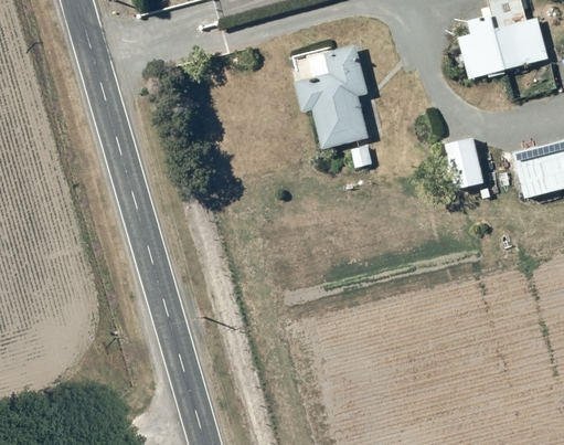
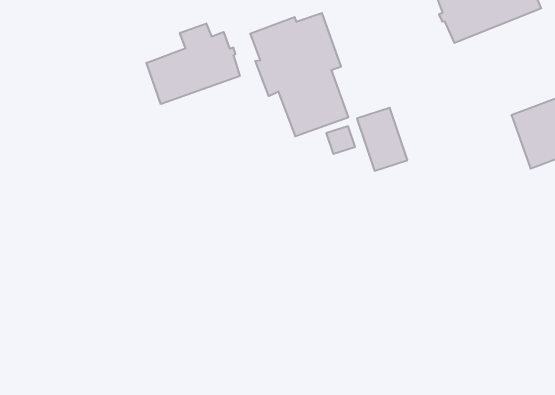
building: none -> [146,23,240,104]
building: [444,136,485,190] -> [357,108,407,171]

